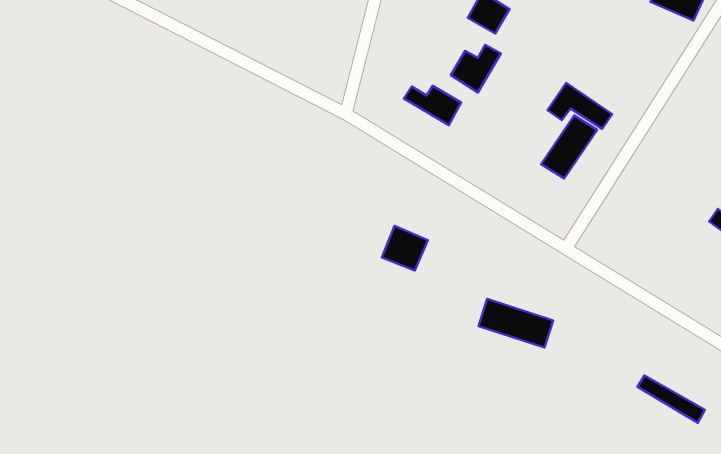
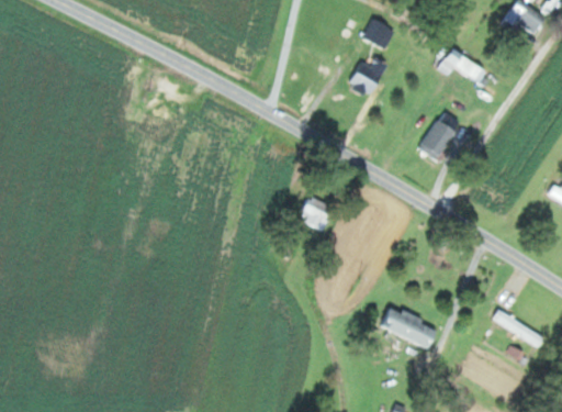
building: [547,83,612,129] -> [436,47,485,82]
building: [404,86,461,125] -> none
building: [478,299,553,348] -> [381,309,438,346]

